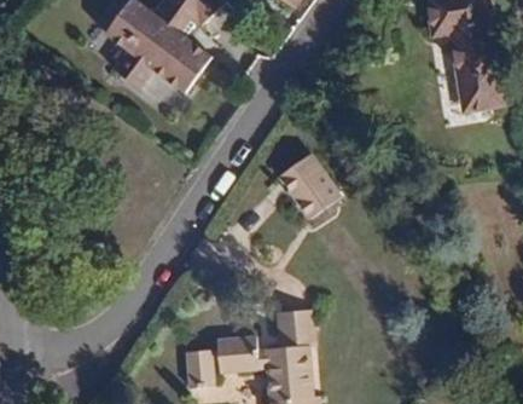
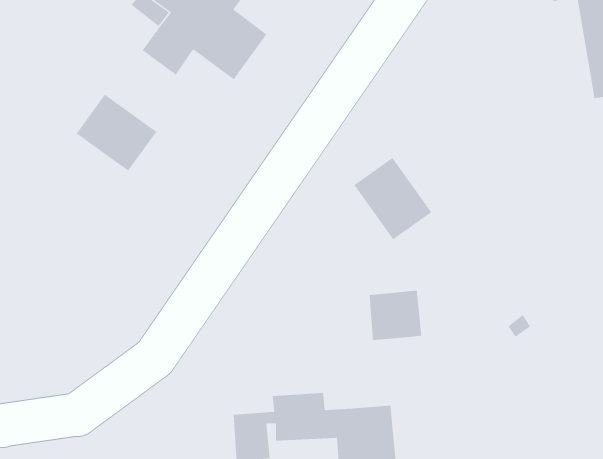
building: none -> [76,94,157,172]
building: [274,307,315,346] -> [369,290,422,340]

